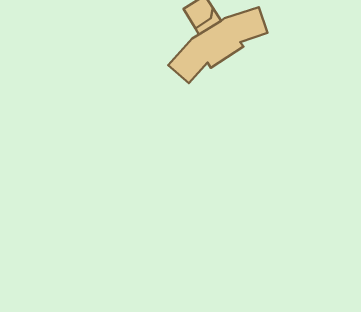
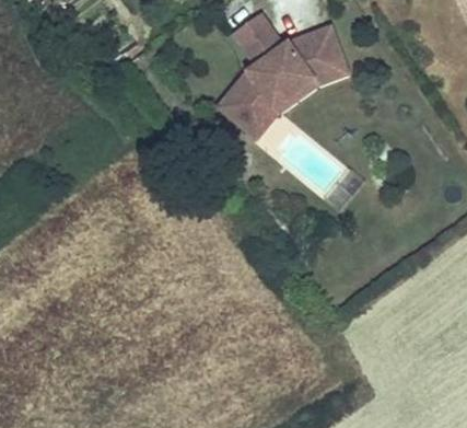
building: none -> [243,62,347,137]

